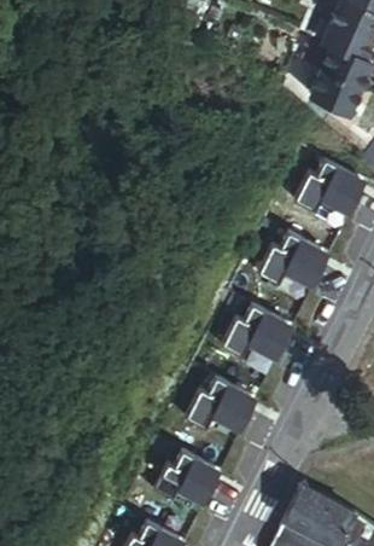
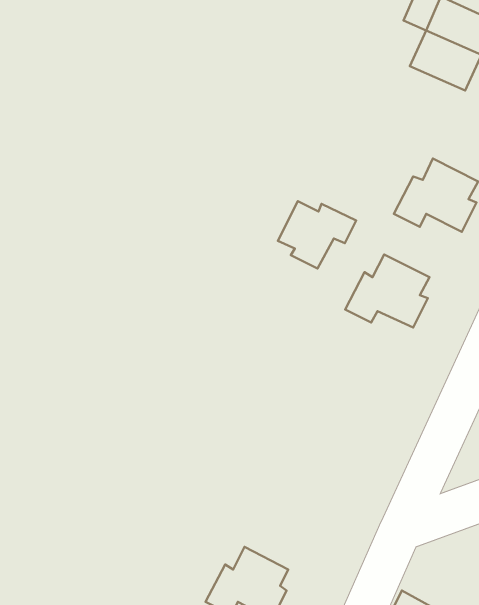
building: none -> [278,201,356,268]
building: [226,307,288,362] -> none
building: [189,381,252,434] -> none

